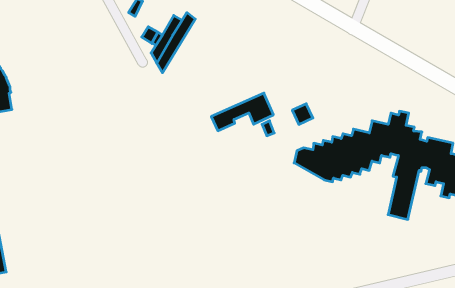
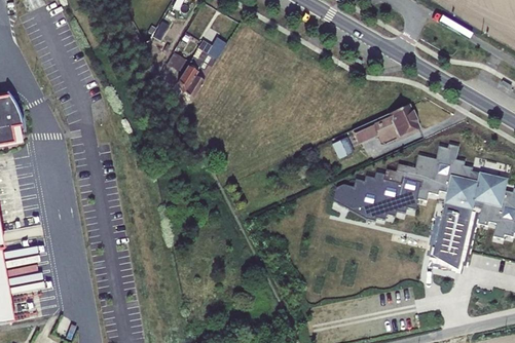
building: [211,93,273,131] -> [351,103,418,144]
building: none -> [432,208,472,269]

